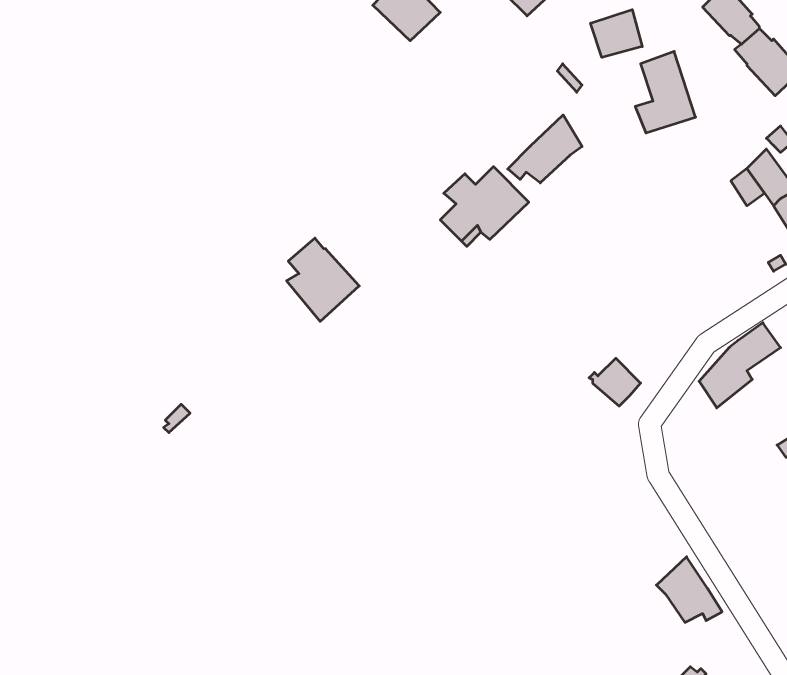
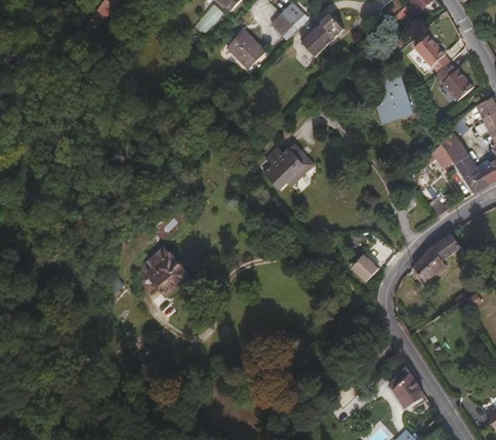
building: [591,10,642,57] -> none
building: [508,115,582,183] -> none
building: [287,238,359,321] -> [149,248,191,296]

